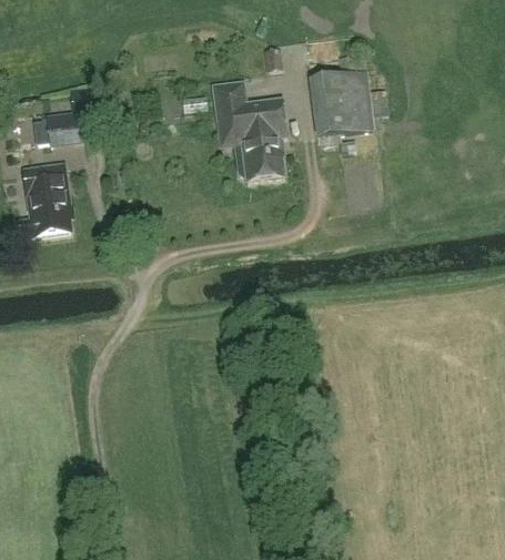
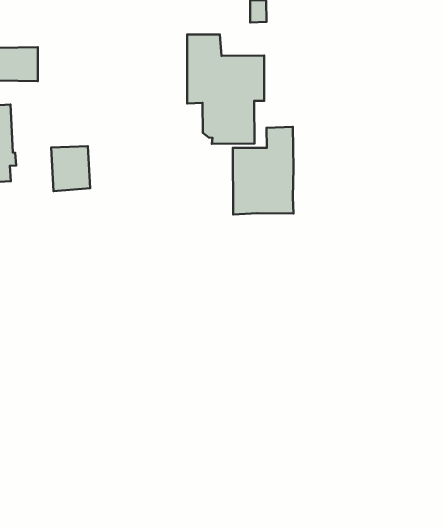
building: [311,52,371,135] -> [233,127,294,214]
building: none -> [51,146,90,191]

